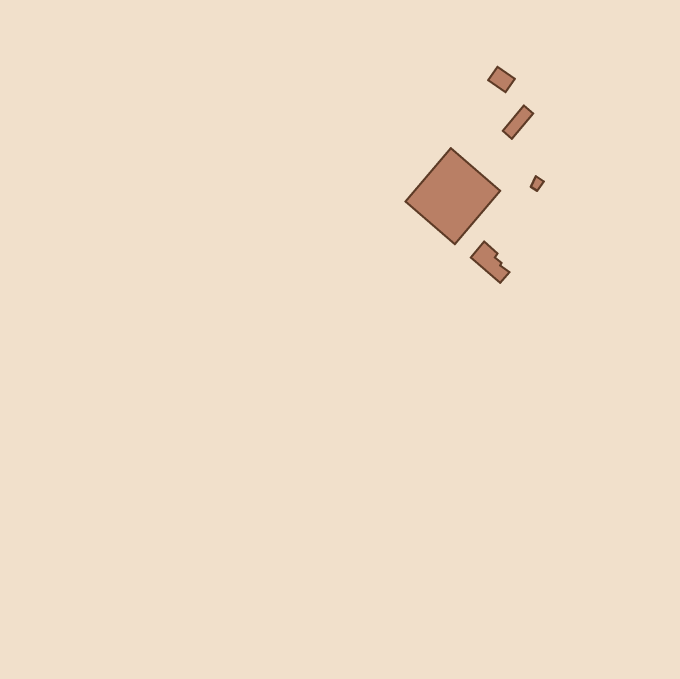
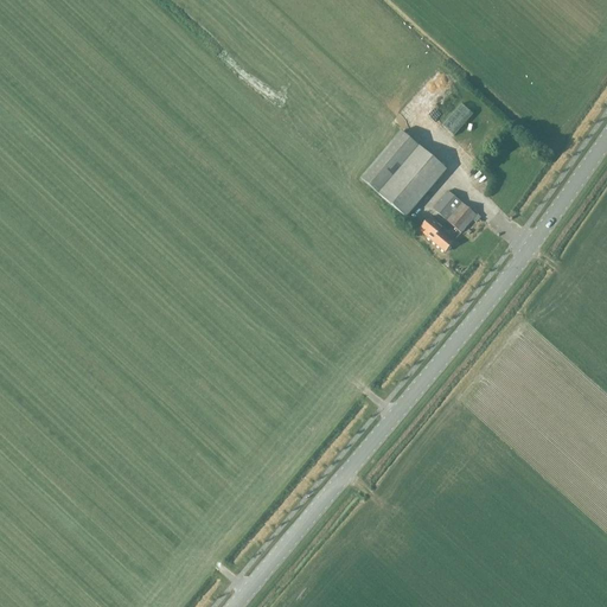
building: none -> [434,191,480,231]

